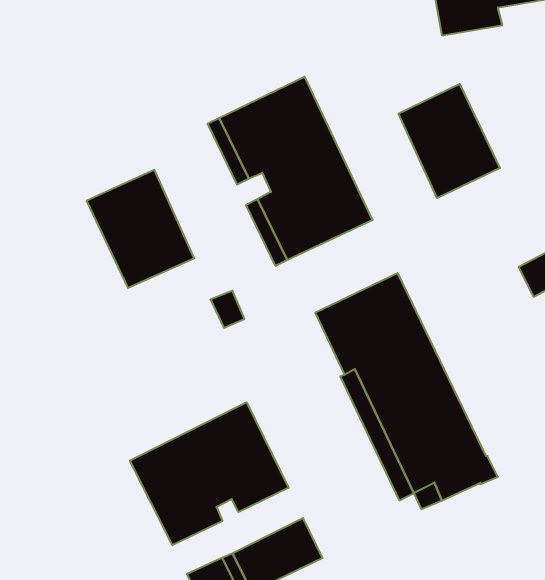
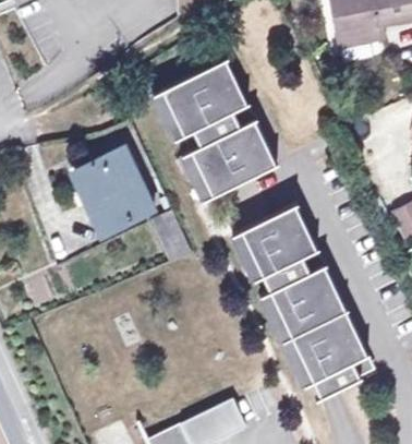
building: [399,84,500,198] -> none
building: [130,402,289,545] -> none

